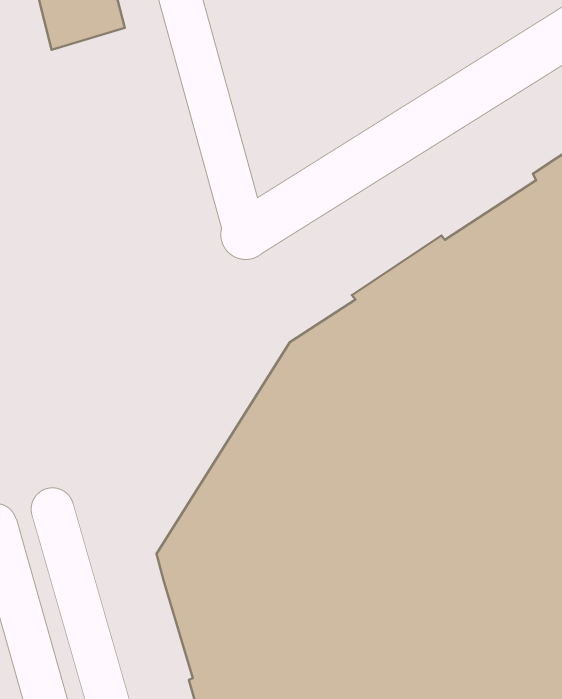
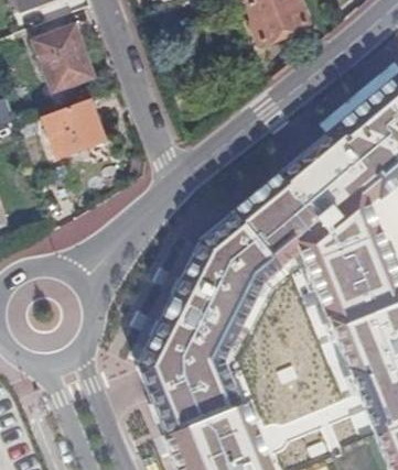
building: none -> [41,99,99,155]

